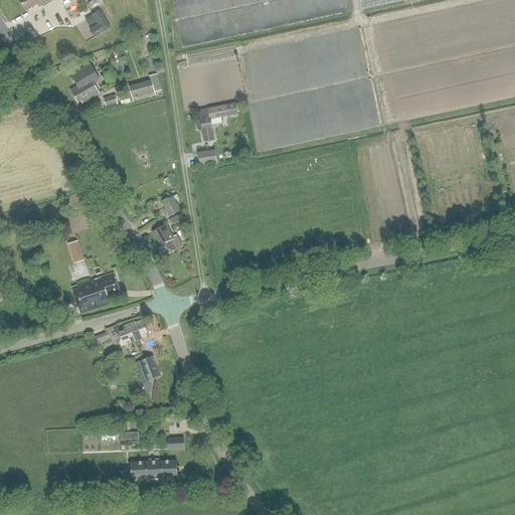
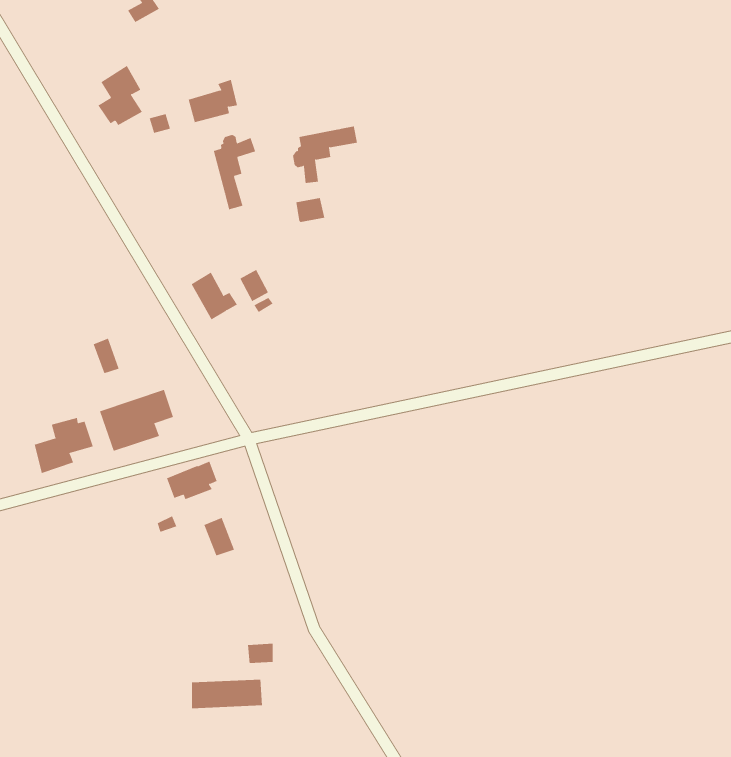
building: none -> [213,134,256,210]
building: [152,222,182,253] -> [191,272,238,320]
building: none -> [34,417,93,474]

